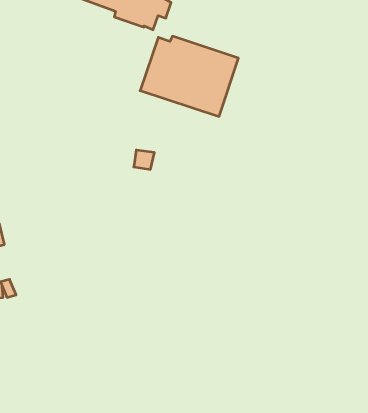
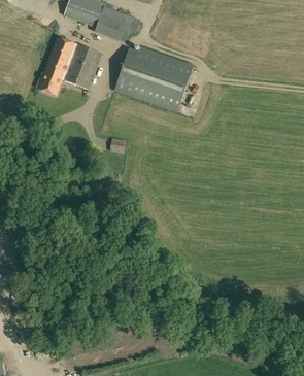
building: none -> [36,36,101,96]

